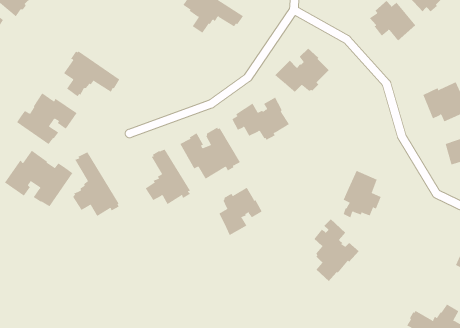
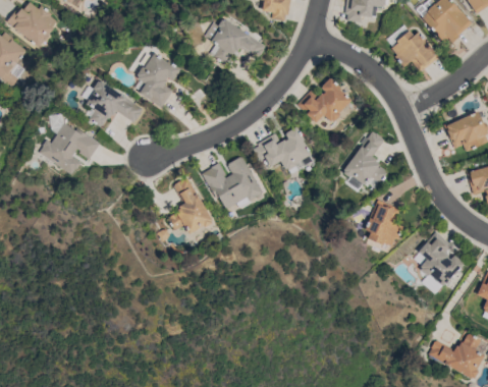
building: none -> [137,54,180,108]
building: none -> [343,131,387,185]
building: [4,150,73,207] -> none
building: [72,151,119,217] -> none
building: [219,187,262,236] -> none
building: [313,219,359,282] -> [419,232,465,295]

